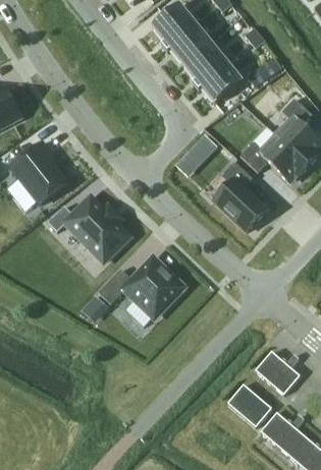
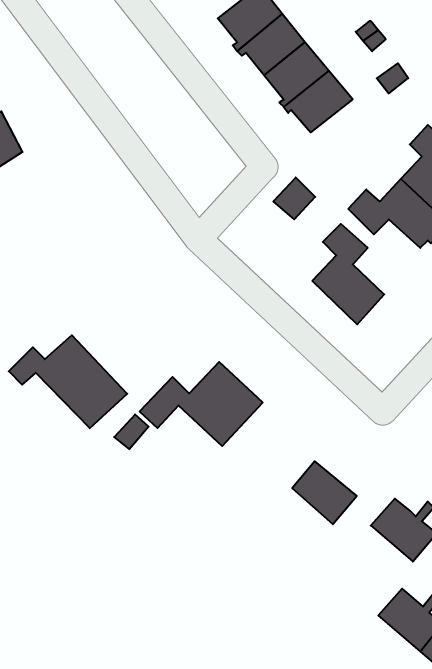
building: [9,142,67,205] -> none
building: [48,196,128,259] -> [9,335,127,428]
building: [228,384,272,426] -> [292,461,357,524]

